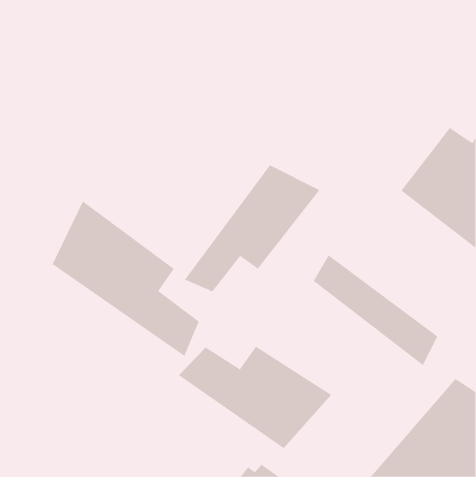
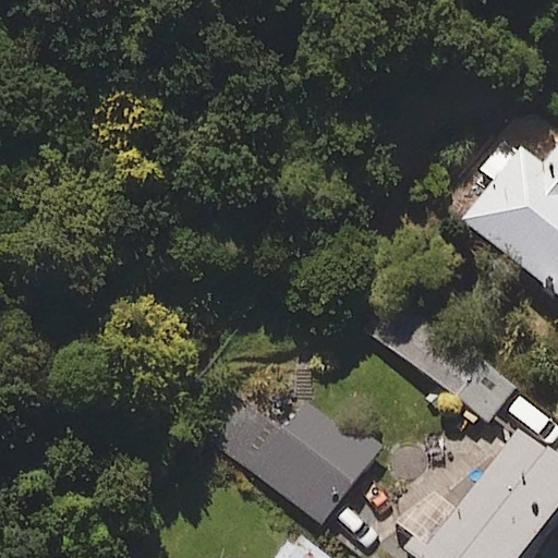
building: [184,164,320,292] -> none
building: [52,201,200,357] -> none

